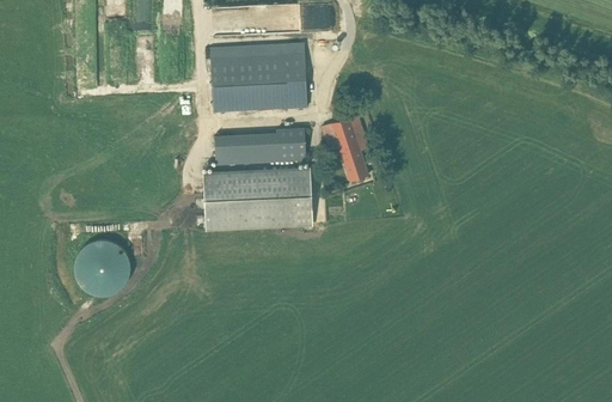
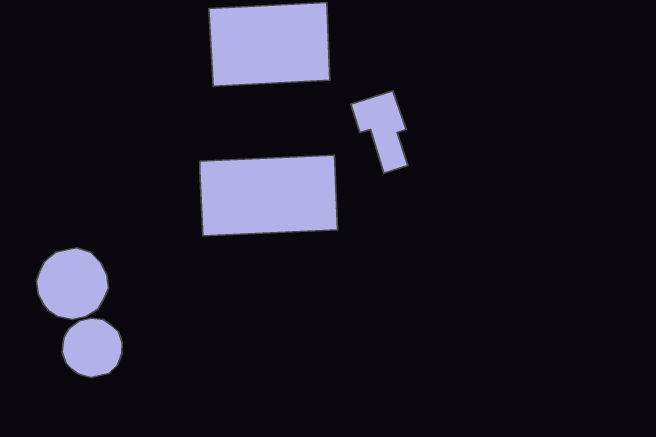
building: [215,129,306,164] -> none
building: none -> [62,318,122,378]

